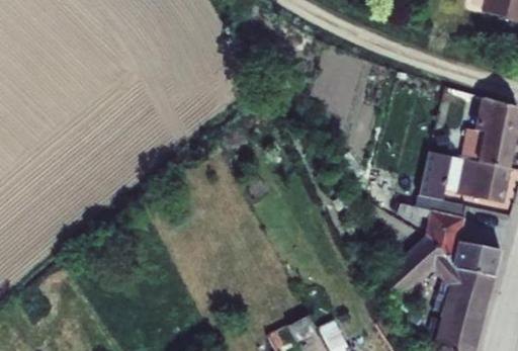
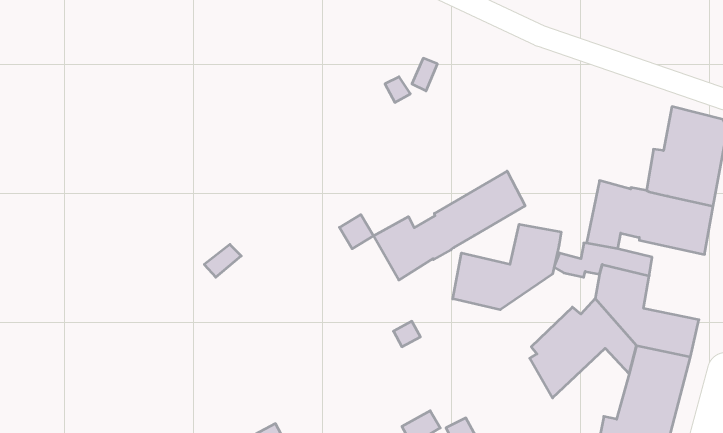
building: none -> [373,171,525,280]
building: none -> [453,224,561,310]

